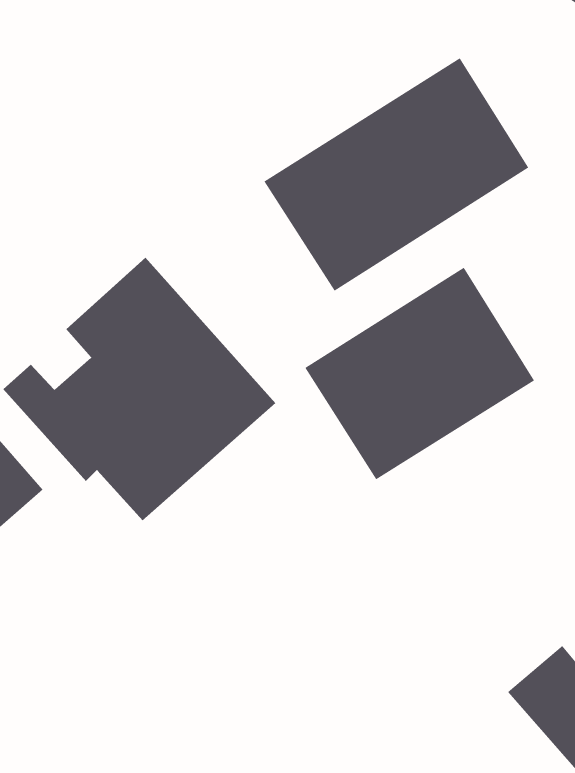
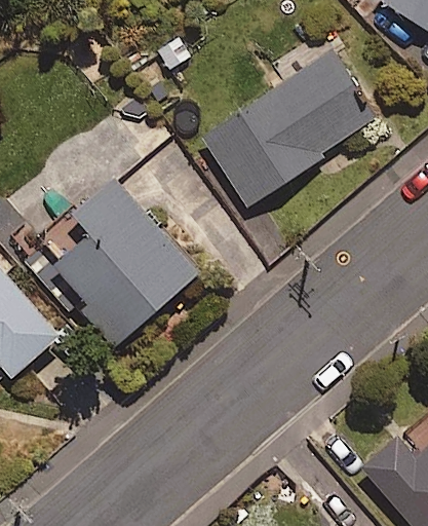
building: [305,267,535,480] -> none

